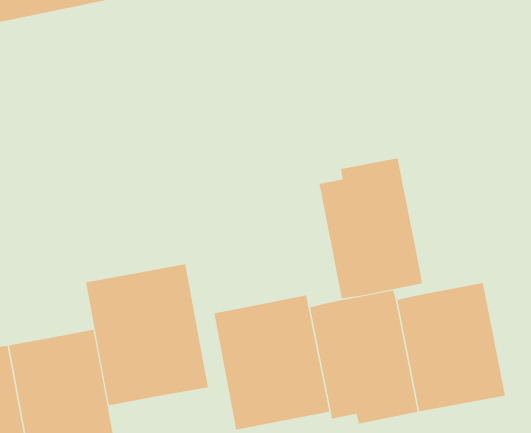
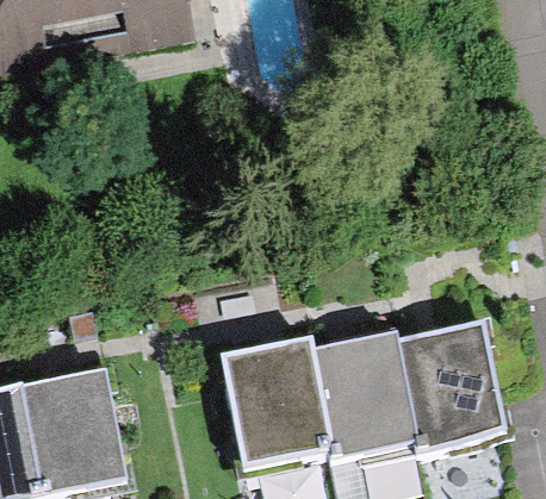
building: [319,158,422,299] -> none
building: [85,263,208,406] -> none

